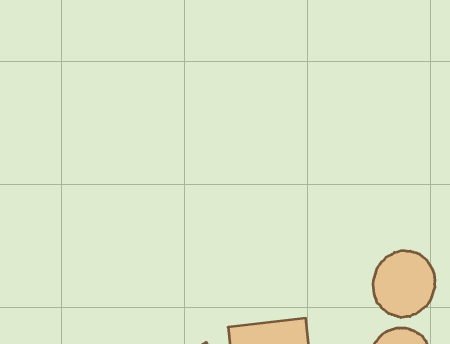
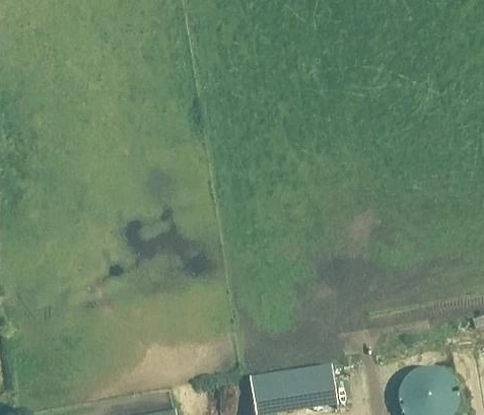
building: [373,251,435,318] -> none

